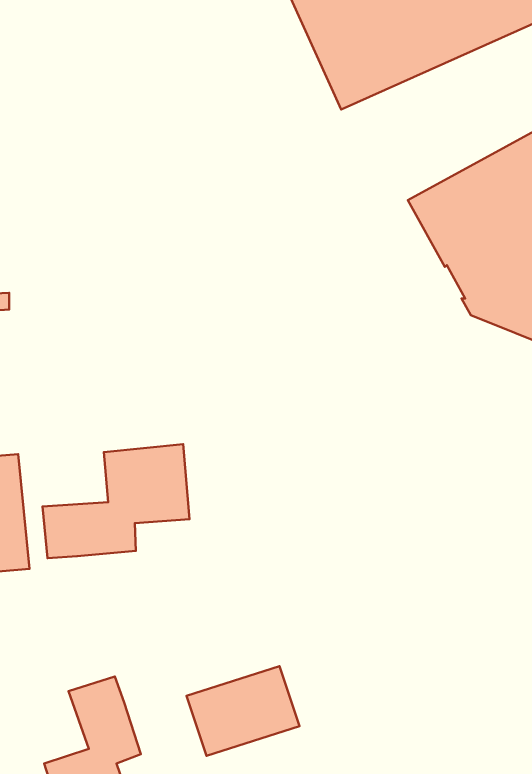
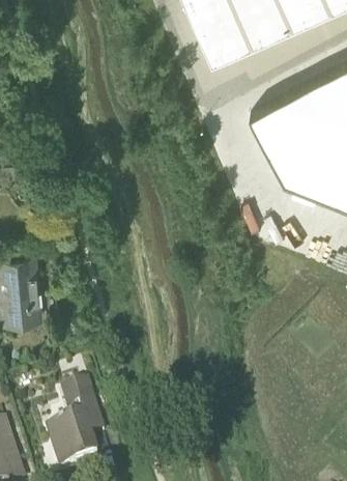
building: [43,444,189,558] -> none
building: [187,666,300,756] -> none

